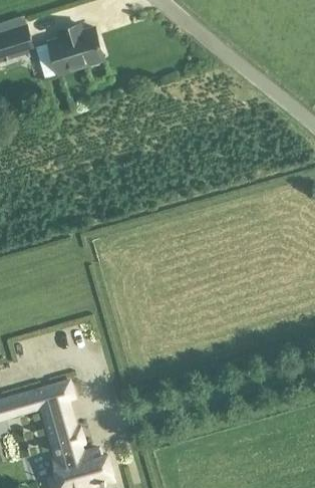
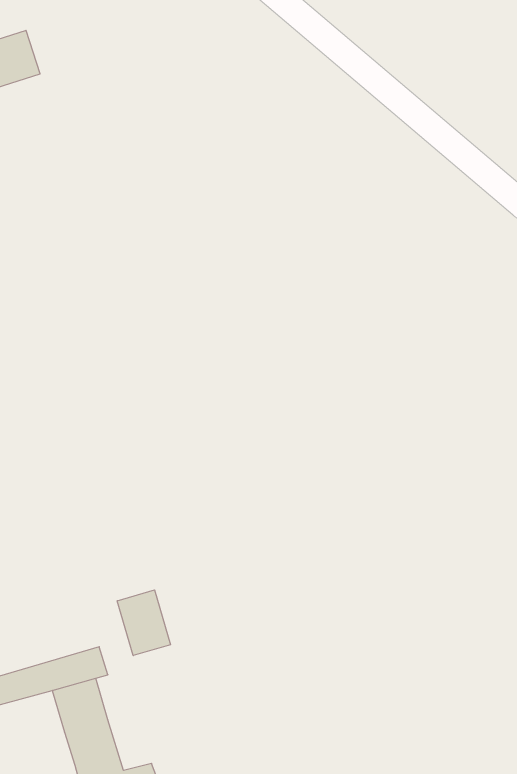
building: [46,25,101,73] -> none
building: none -> [117,590,171,656]

